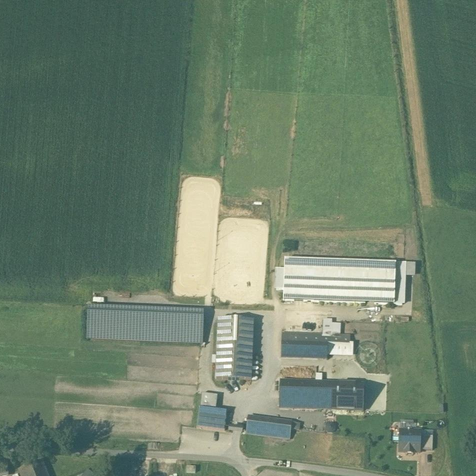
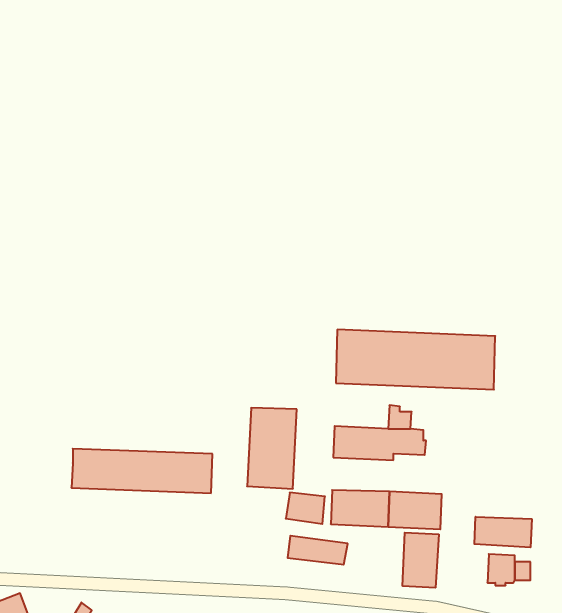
building: [91,307,199,341] -> [71,449,212,493]
building: none -> [474,517,532,547]
building: [197,405,227,429] -> [286,493,325,524]
building: none -> [403,533,439,588]

